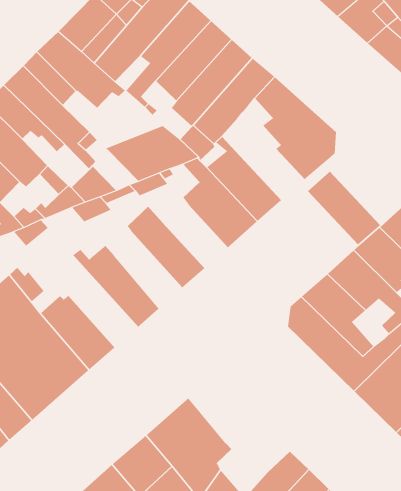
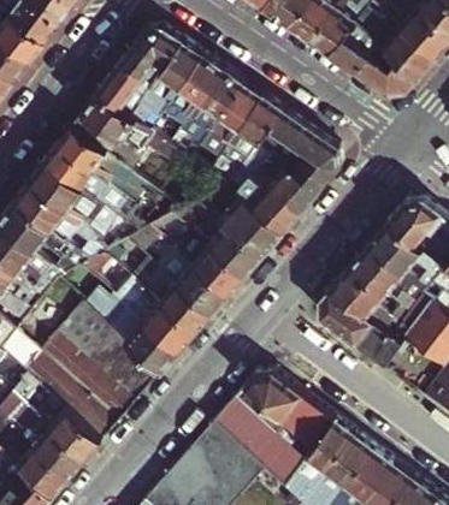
building: [307,171,381,245] -> [253,154,318,213]
building: none -> [207,227,261,278]
building: none -> [167,255,228,316]
building: none -> [113,278,195,353]
building: none -> [244,374,335,441]

